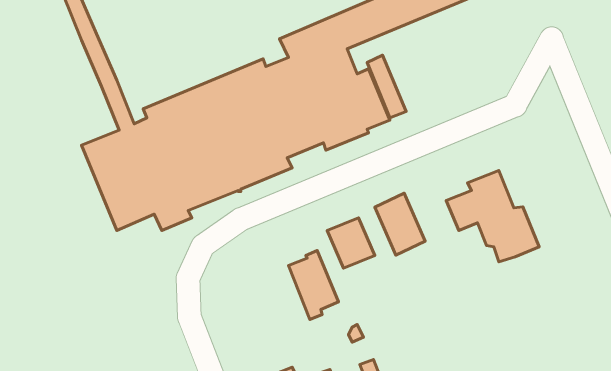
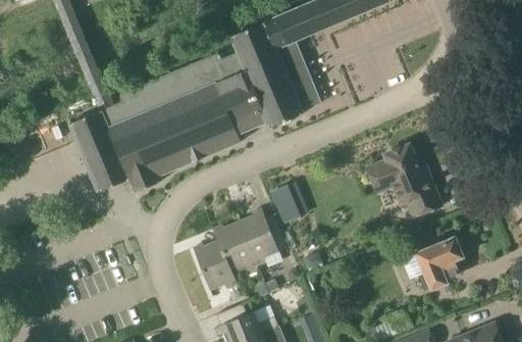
building: [375,193,425,255] -> none
building: none -> [193,222,255,290]
building: none -> [401,238,465,289]

